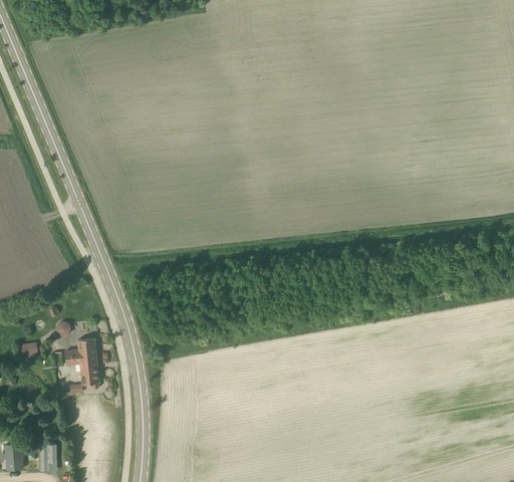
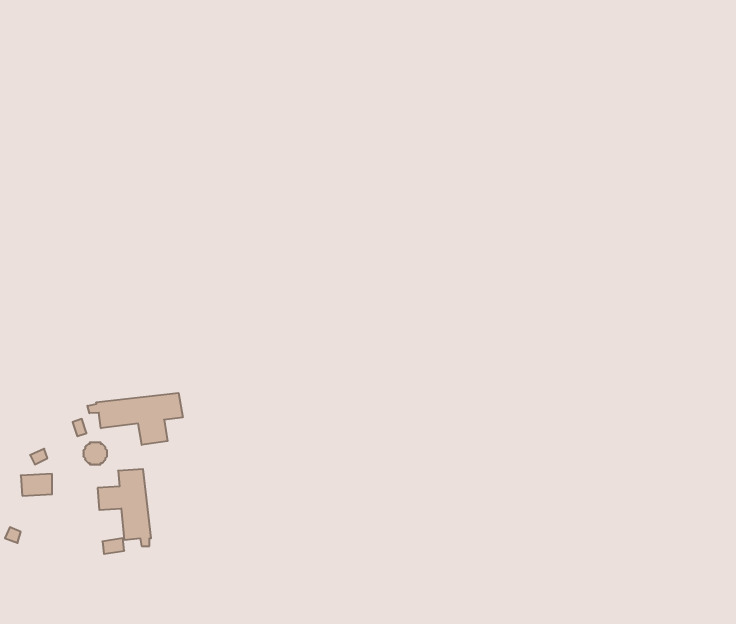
building: none -> [87,393,183,445]

